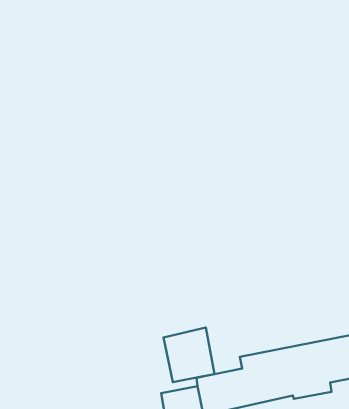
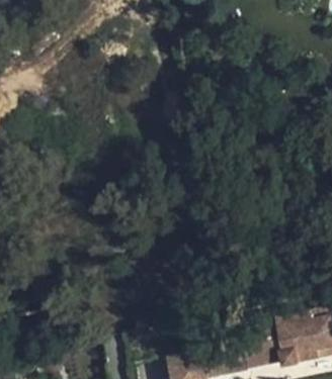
building: [163,327,214,382] -> none

